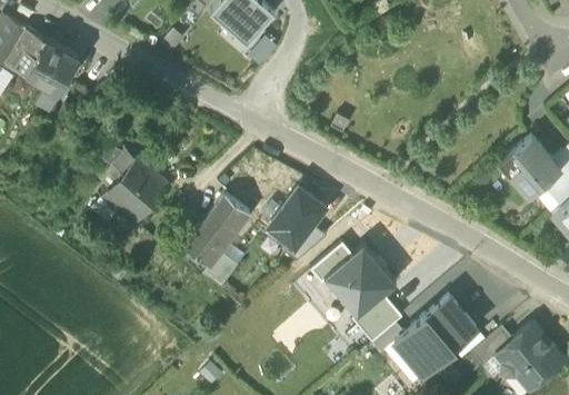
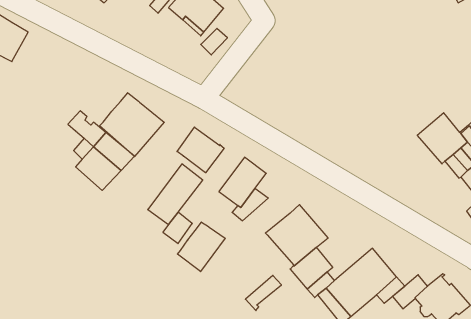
building: [27,39,79,109] -> none
building: none -> [99,93,164,157]
building: none -> [177,127,224,173]
building: [310,241,352,283] -> [245,275,281,311]
building: none -> [177,222,225,272]

